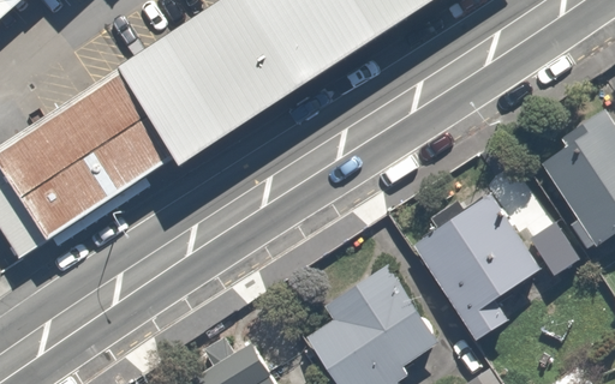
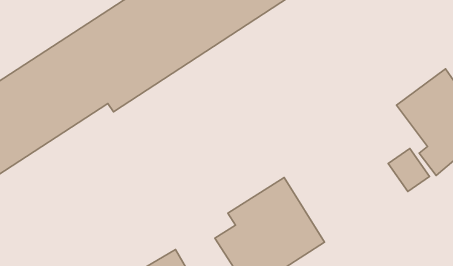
building: [411,188,538,340] -> none

